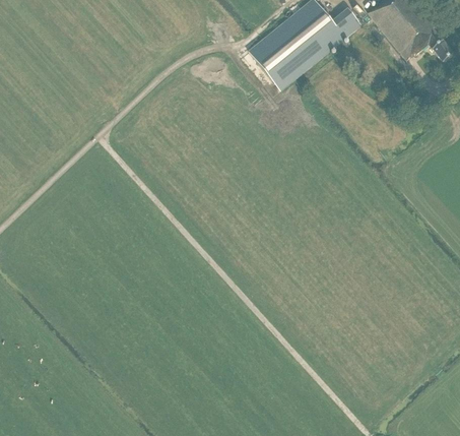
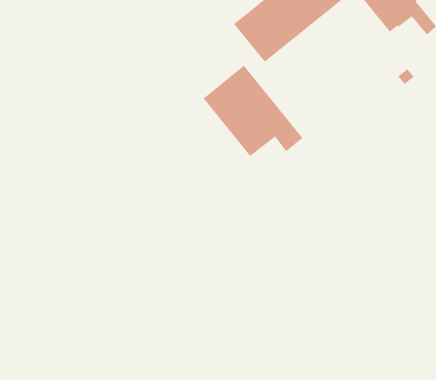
building: none -> [203,65,303,157]

